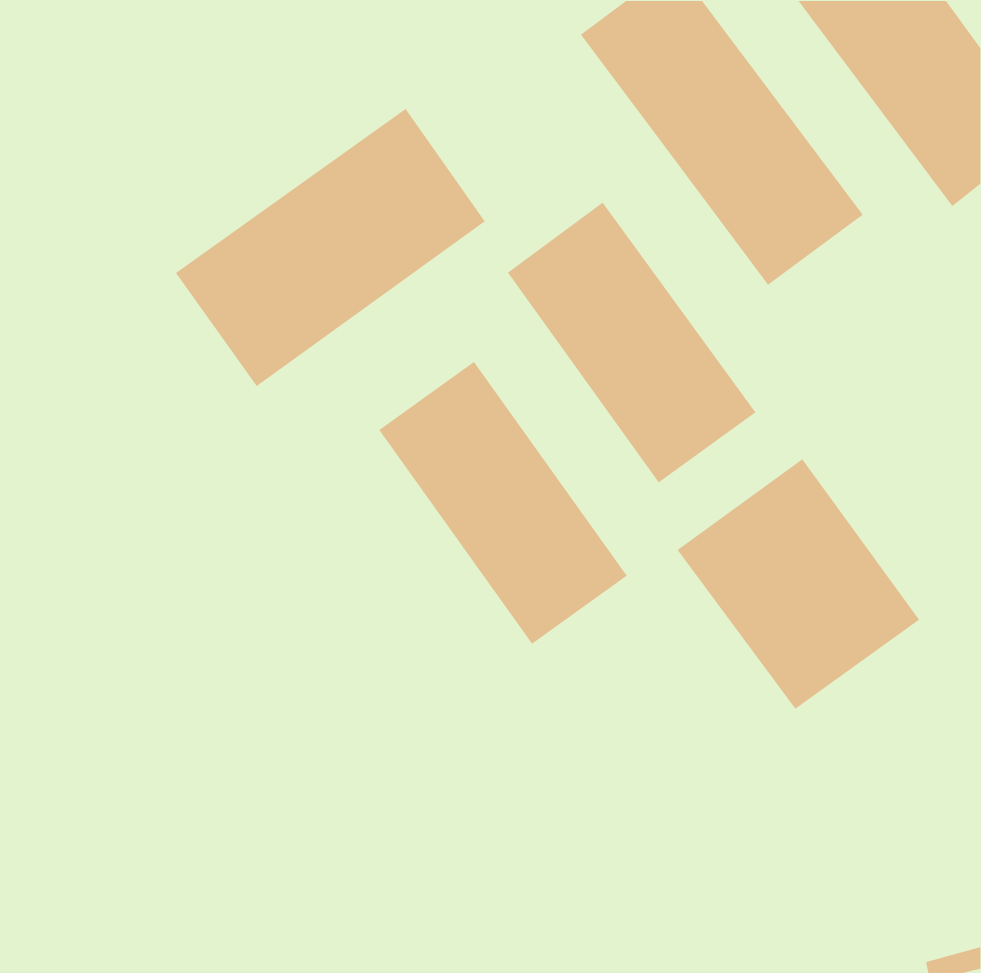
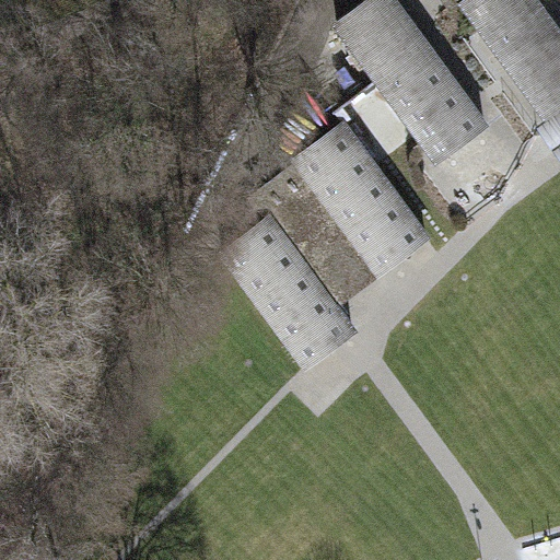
building: [175,108,486,387] -> none
building: [676,458,920,710] -> none

